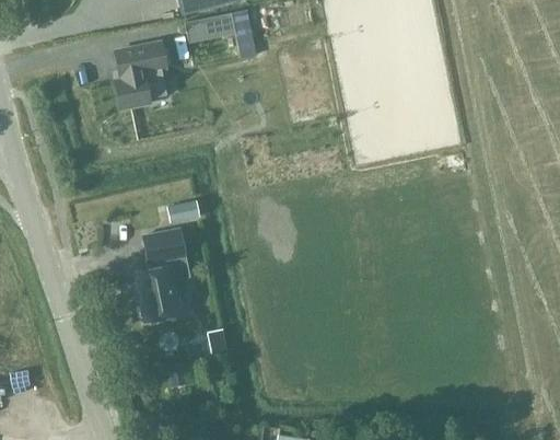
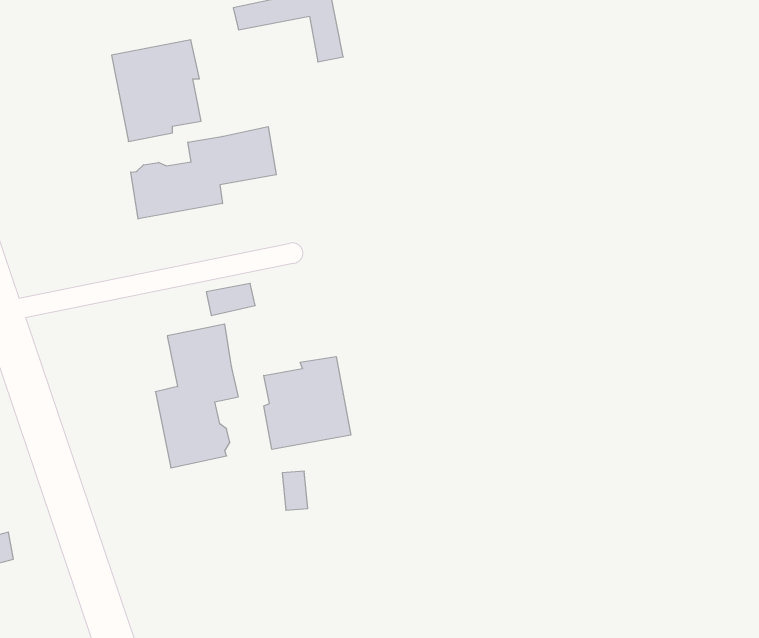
building: none -> [131,127,276,219]
building: none -> [264,357,351,449]

